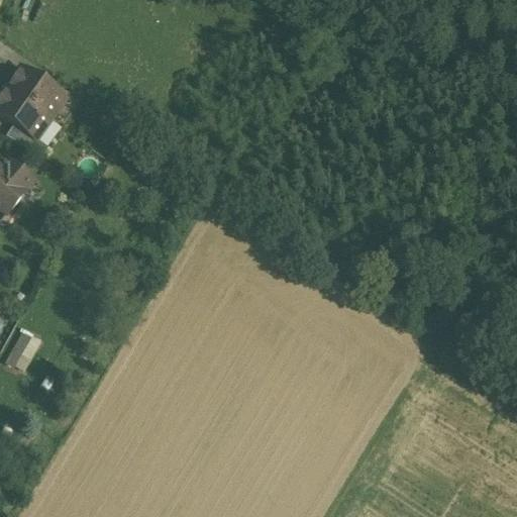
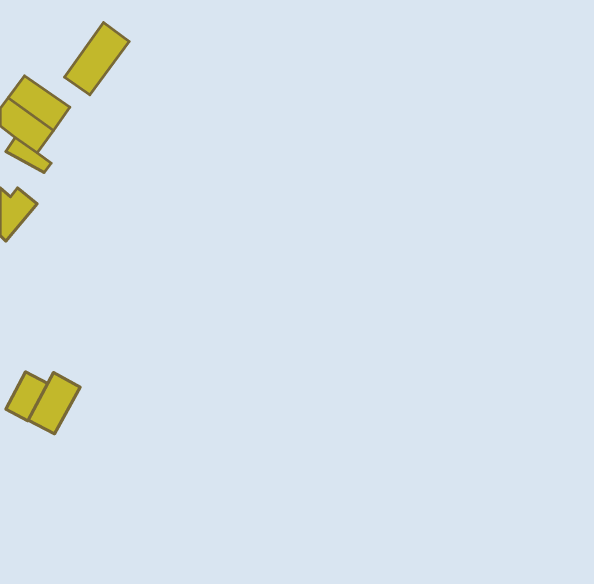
building: none -> [64,23,129,95]
building: none -> [28,373,80,434]

